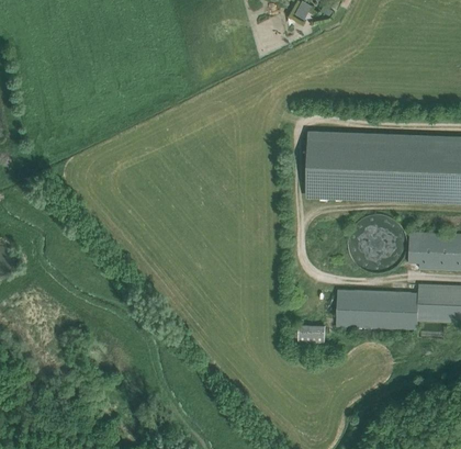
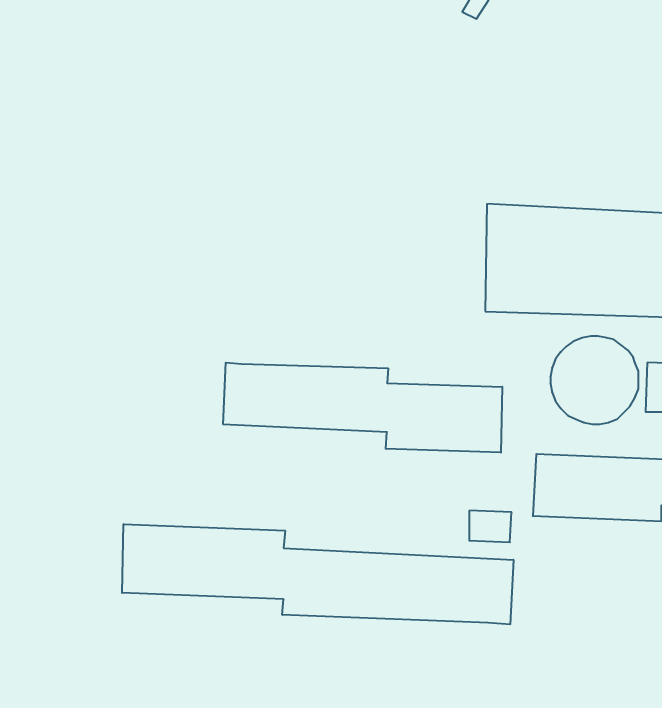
building: none -> [223,363,502,453]
building: none -> [122,524,513,624]

